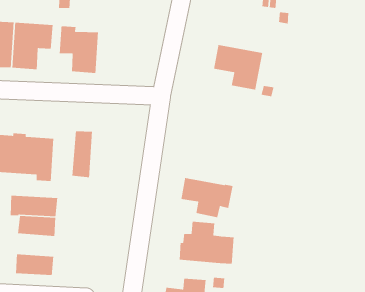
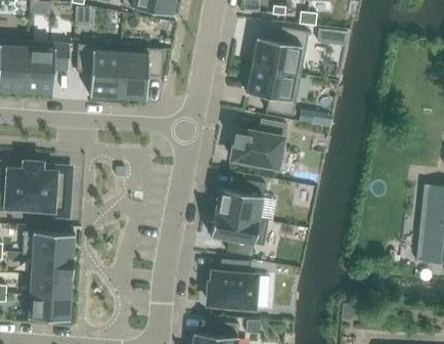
building: none -> [252,28,310,75]
building: none -> [118,49,164,99]
building: none -> [231,121,287,168]
building: [71,130,93,178] -> none
building: none -> [215,179,266,220]
building: none -> [30,274,73,299]

